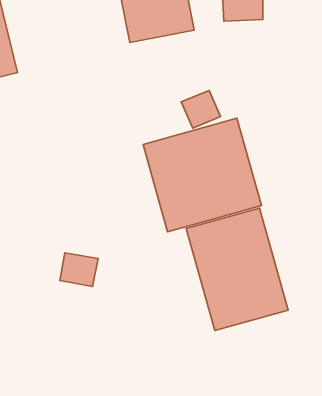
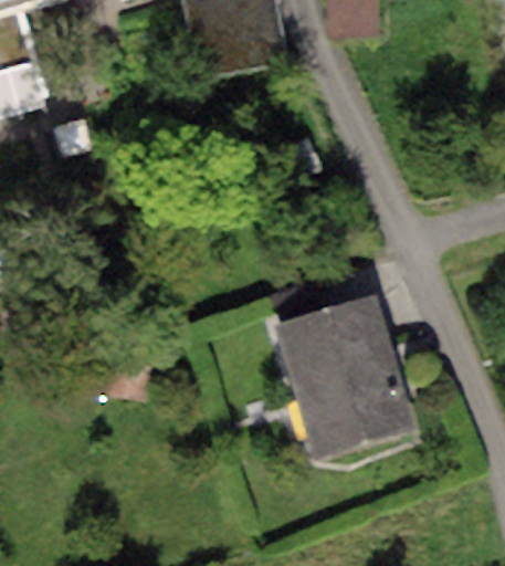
building: [143,118,262,232] -> none

